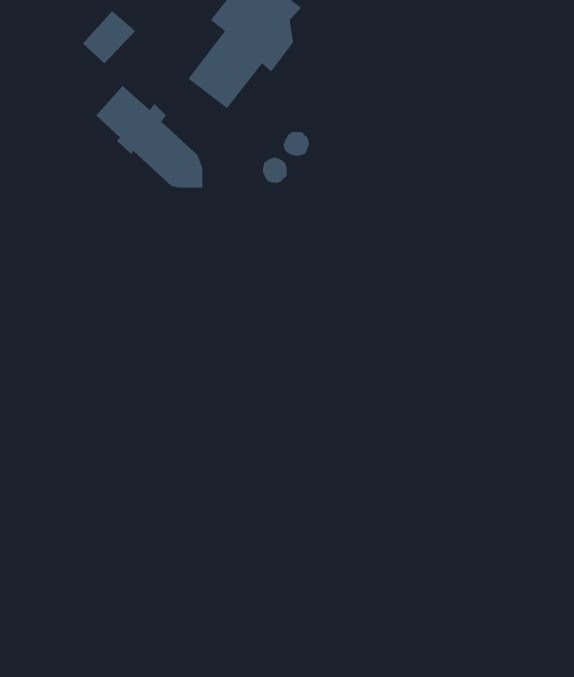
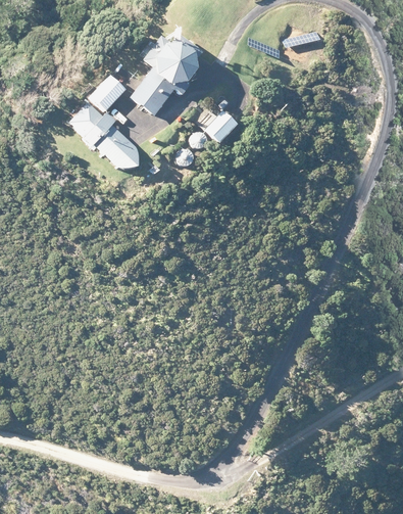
building: [82,10,136,64] -> [91,75,125,109]
building: none -> [205,111,237,144]

